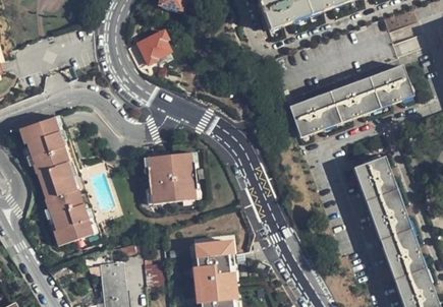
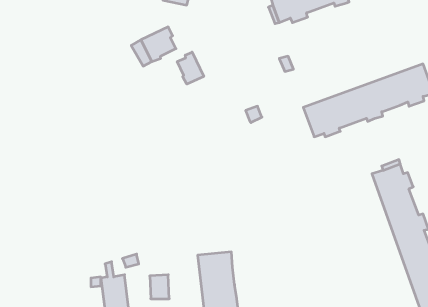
building: none -> [177,52,204,84]
building: [17,117,95,245] -> none
building: [151,147,200,200] -> none

